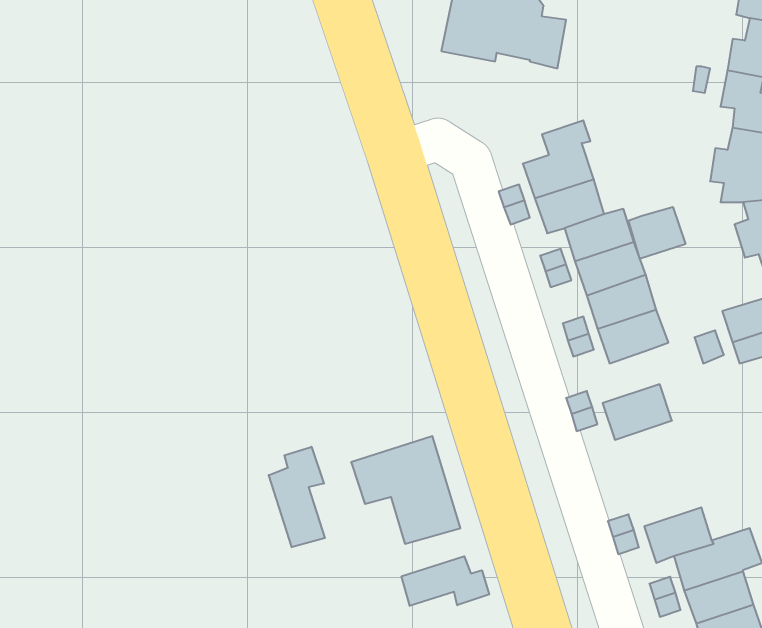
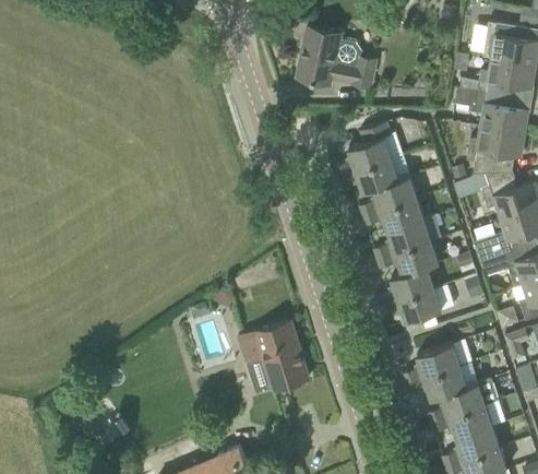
building: [628,207,685,259] -> none
building: none -> [392,265,434,299]
building: [269,447,325,547] -> none
building: none -> [417,343,461,377]
building: [402,556,489,606] -> none

